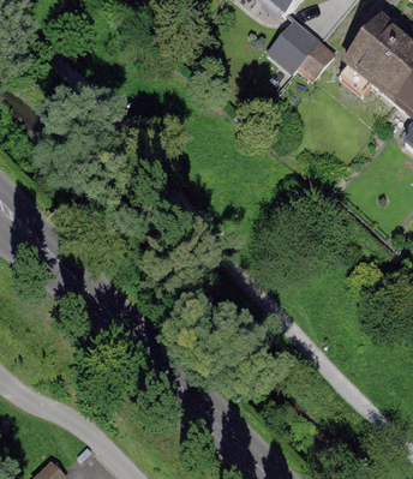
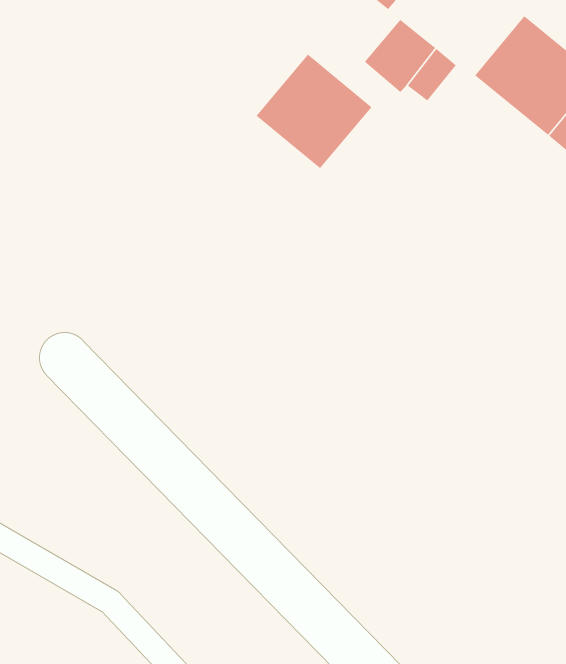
building: none -> [256,54,372,169]

